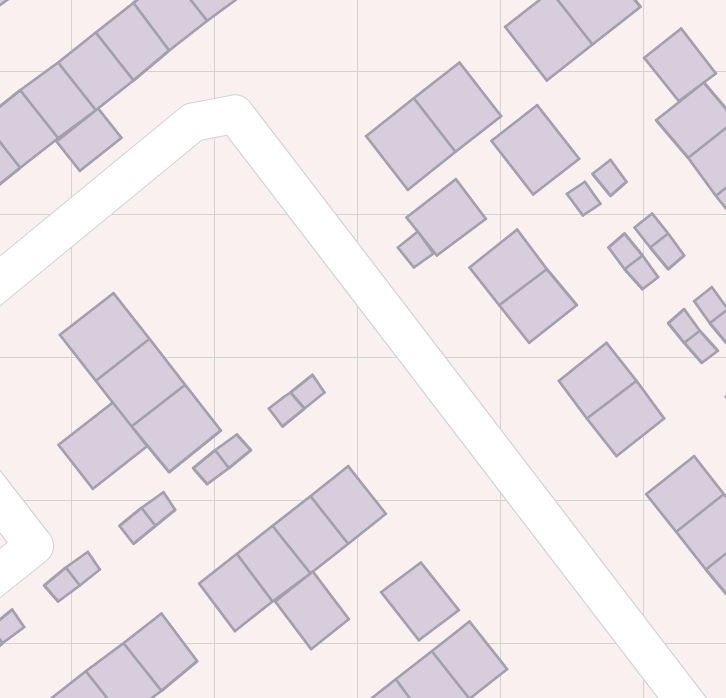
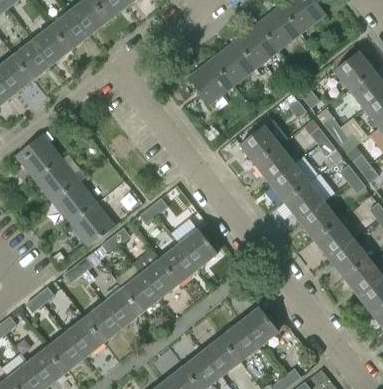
building: [644,29,716,101] -> none
building: [492,105,579,195] -> [234,23,278,68]
building: [56,108,121,171] -> none
building: [407,179,486,255] -> none
building: none -> [15,134,60,178]
building: none -> [269,163,308,201]
building: [58,402,147,489] -> none
building: none -> [313,220,352,258]
building: none -> [178,229,216,268]
building: [381,562,459,640] -> [239,307,278,346]
building: [275,572,349,649] -> [84,303,121,342]

